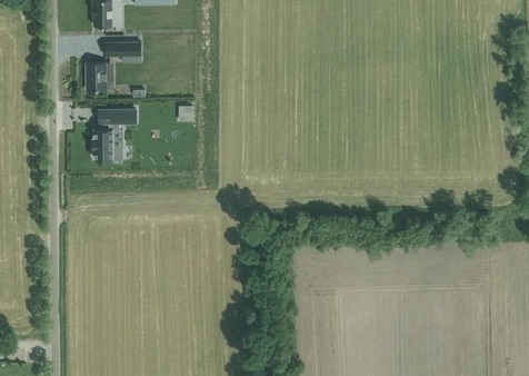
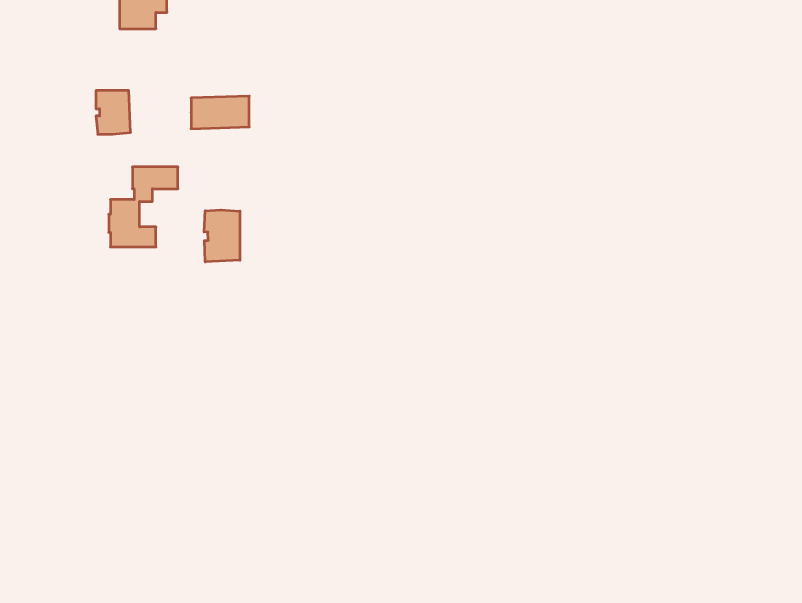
building: [104,39,140,59] -> [191,96,249,129]
building: none -> [204,210,240,262]

